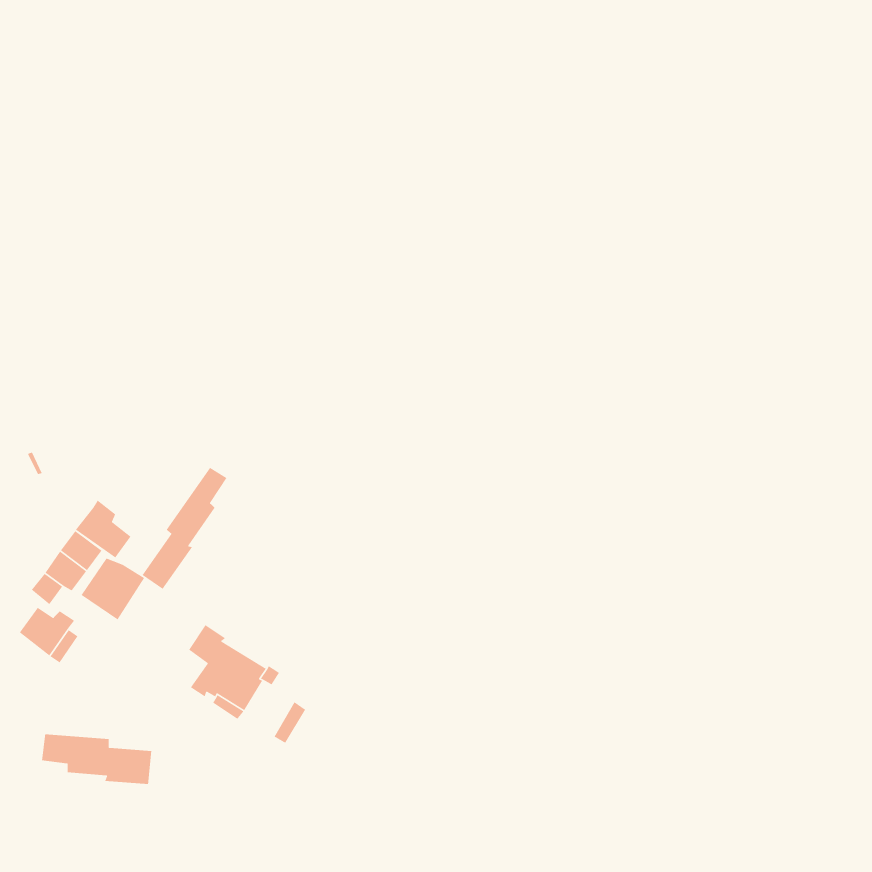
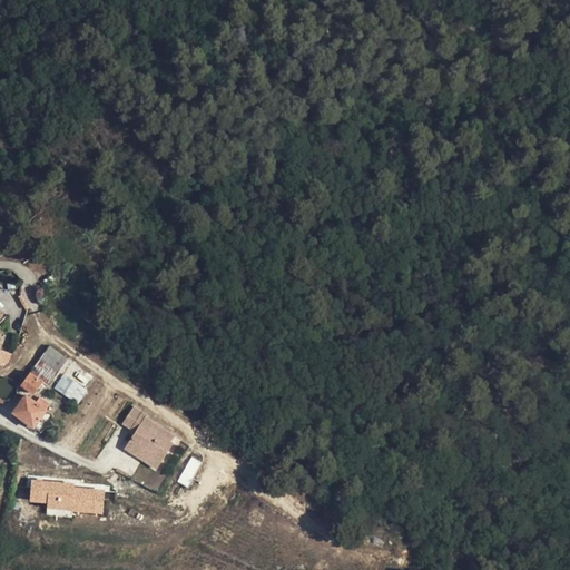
building: [142,467,227,590] -> none
building: [75,499,132,559] -> none

